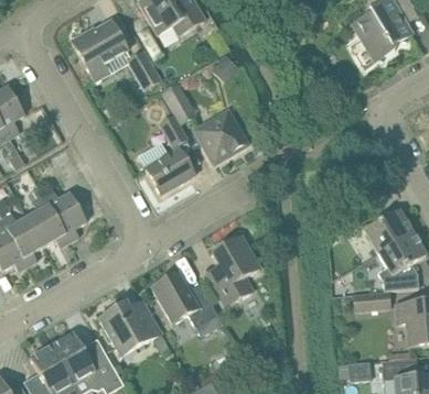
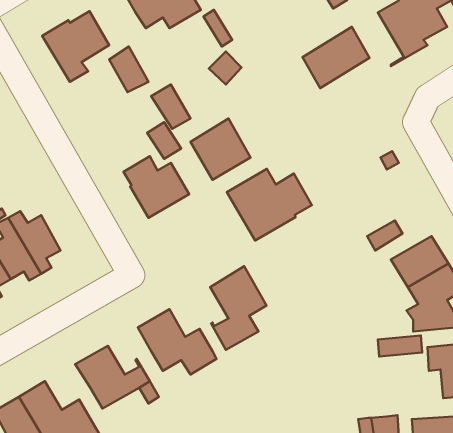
building: none -> [302,27,370,88]
building: none -> [227,169,312,241]

